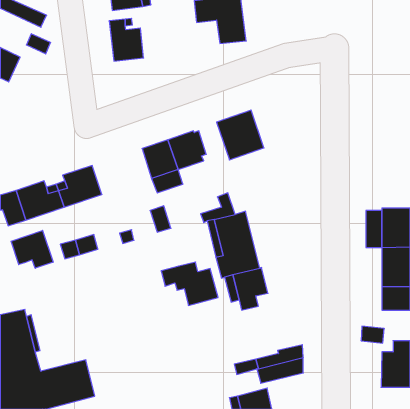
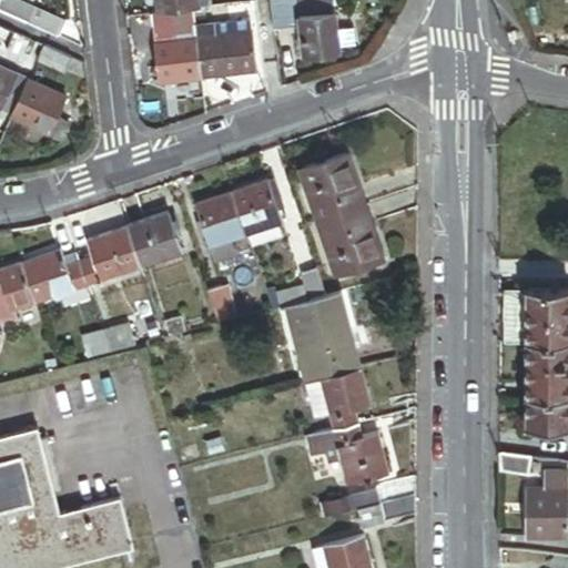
building: none -> [193,22,254,80]
building: none -> [10,79,69,140]
building: none -> [317,204,383,273]
building: none -> [128,214,183,268]
building: [11,230,53,268] -> none
building: [161,262,218,305] -> [310,423,388,483]

